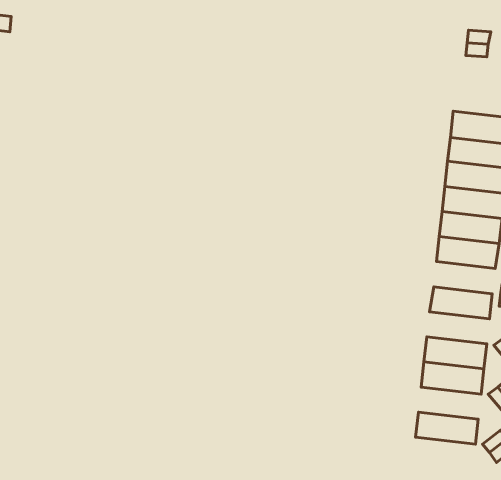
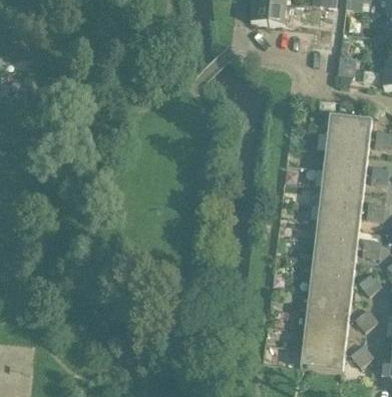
building: none -> [314,222,358,245]
building: none -> [309,258,354,281]
building: none -> [303,312,348,335]
building: none -> [299,348,344,371]

